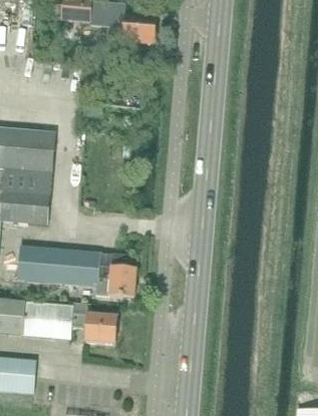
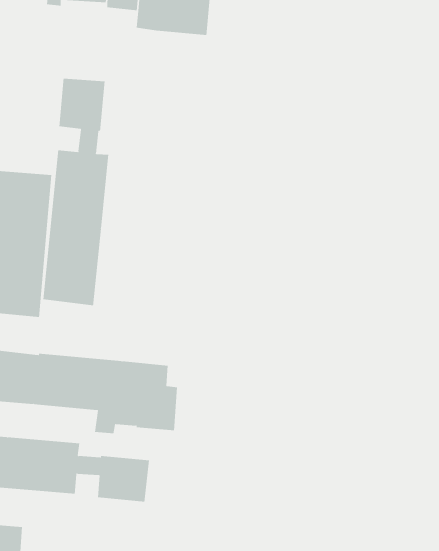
building: none -> [43,78,109,306]

